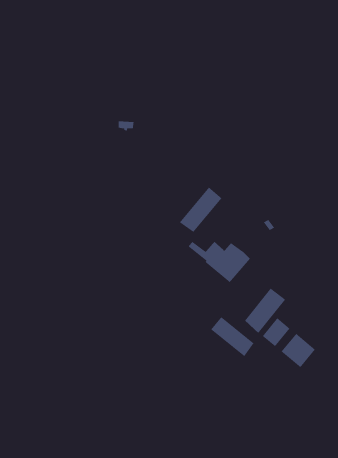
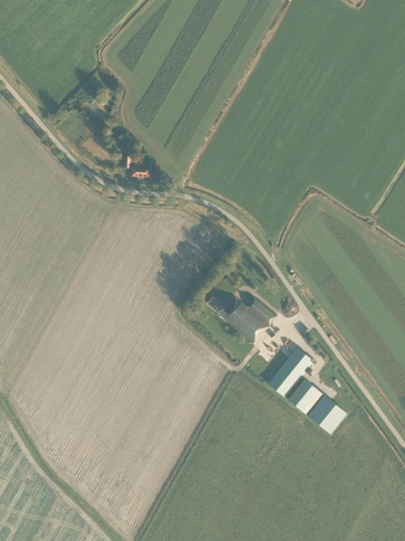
building: [179,186,222,233] -> none
building: [210,316,254,357] -> none

